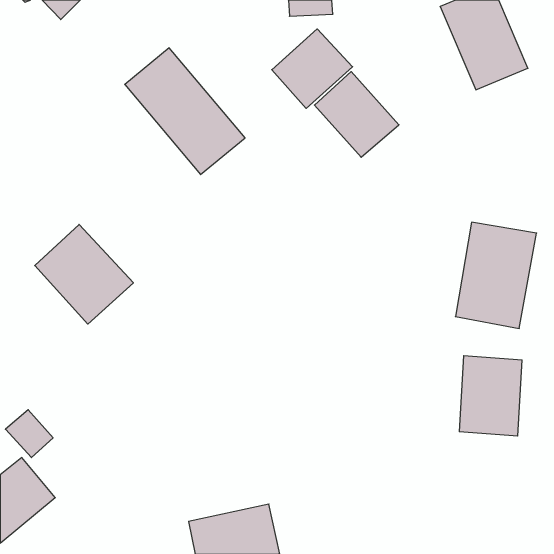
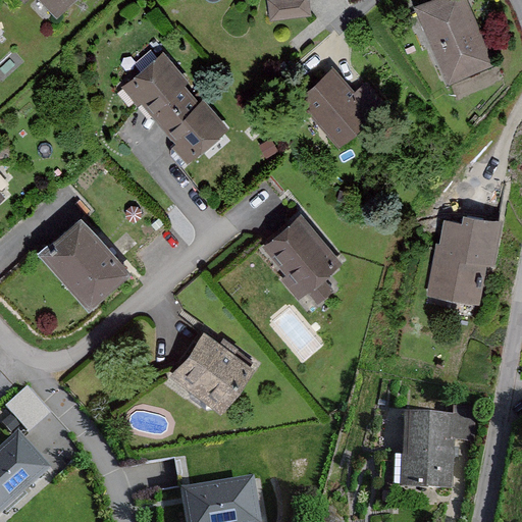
building: [272,29,353,108] -> none
building: none -> [257,212,338,296]
building: none -> [167,329,253,412]
building: [459,356,522,436] -> [401,413,460,488]

